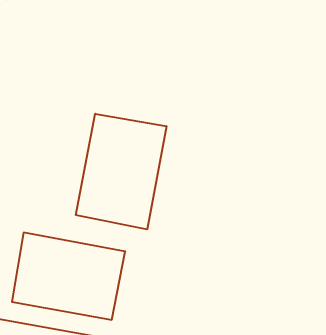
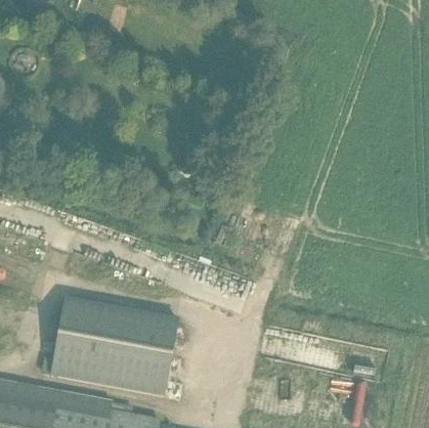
building: [76,114,166,229] -> none

